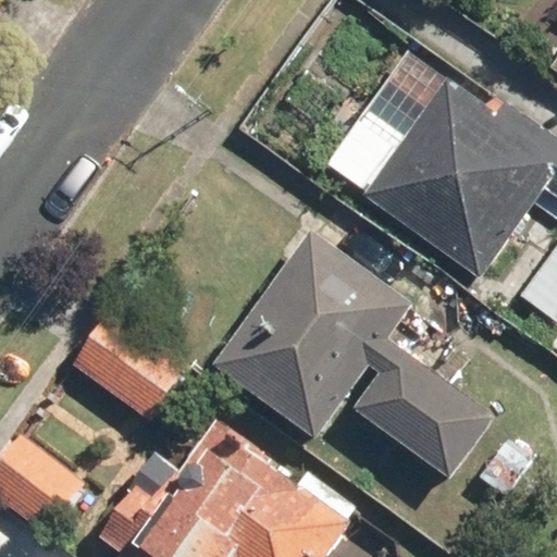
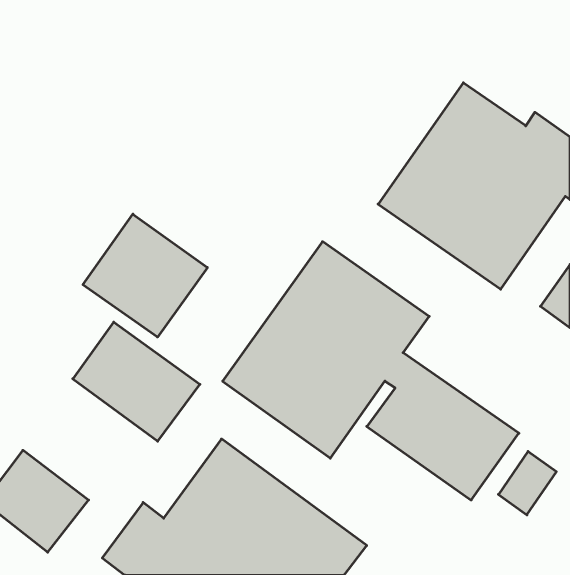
building: none -> [83,214,207,337]

